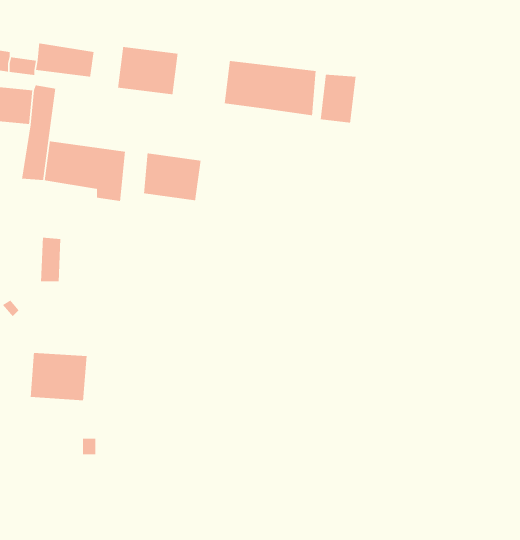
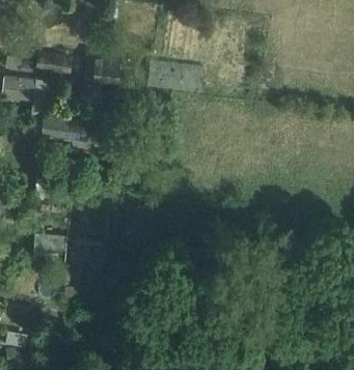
building: [320,74,357,124] -> none
building: [143,152,201,201] -> none

